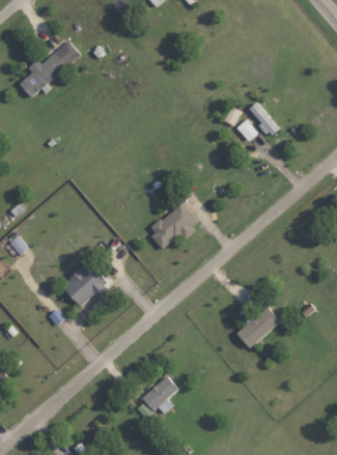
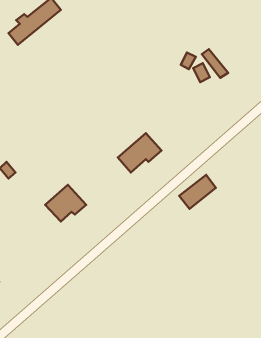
building: [236,307,280,347] -> [179,175,216,209]
building: [136,375,178,418] -> none

